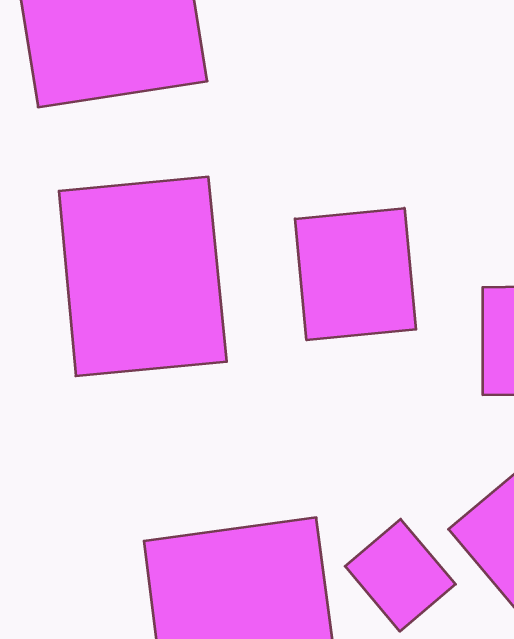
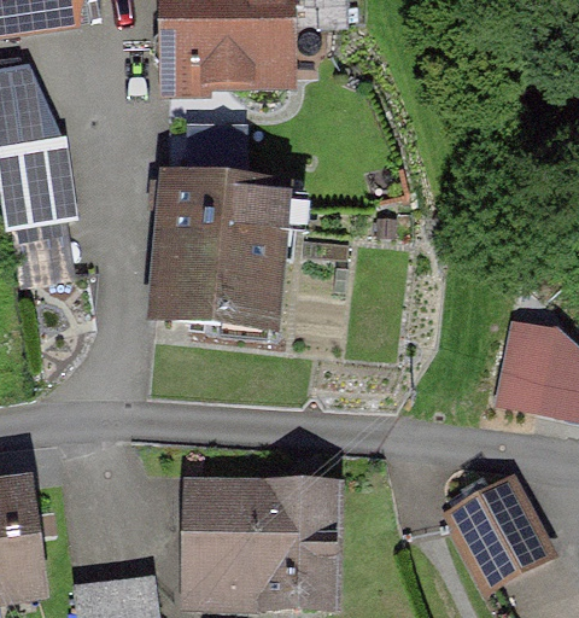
building: [295,208,416,340] -> none
building: [345,519,456,631] -> none

